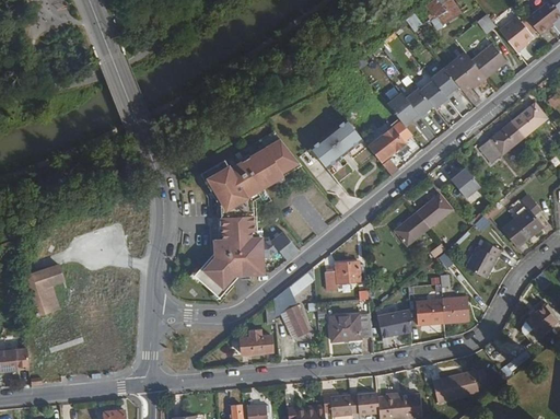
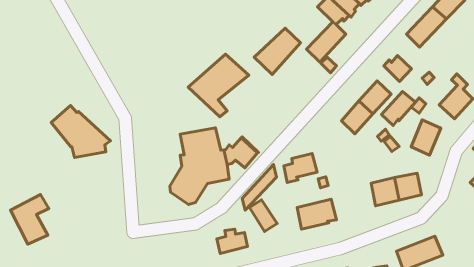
building: [201,161,262,218] -> [51,105,110,158]
building: none -> [381,91,415,126]
building: [380,312,410,336] -> none

